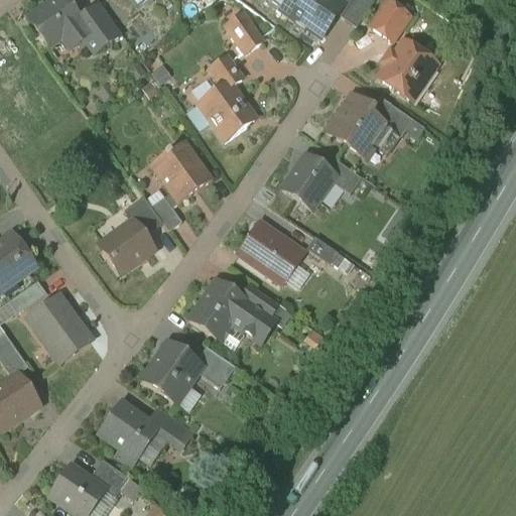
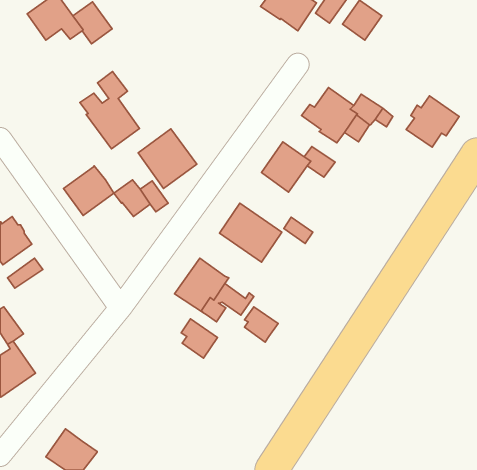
building: [226,12,262,51] -> none
building: [378,39,435,95] -> [406,96,459,147]
building: [190,55,255,139] -> [80,72,139,149]
building: [99,219,153,272] -> [63,166,114,215]
building: [243,284,279,322] -> [244,307,278,342]
building: [27,294,91,361] -> none
building: [142,341,202,401] -> none
building: [99,400,187,463] -> none
building: [89,458,128,496] -> none

